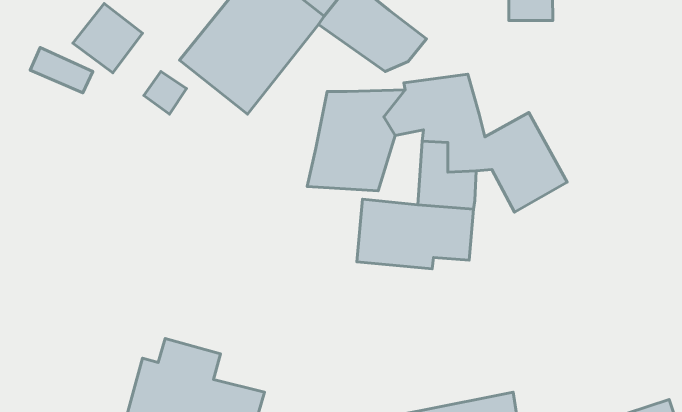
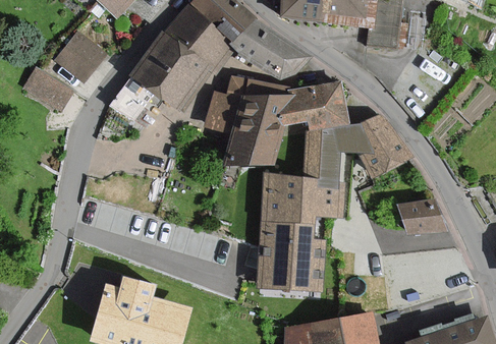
building: none -> [204,77,254,136]
building: none -> [398,198,443,238]
building: none -> [255,218,325,284]

